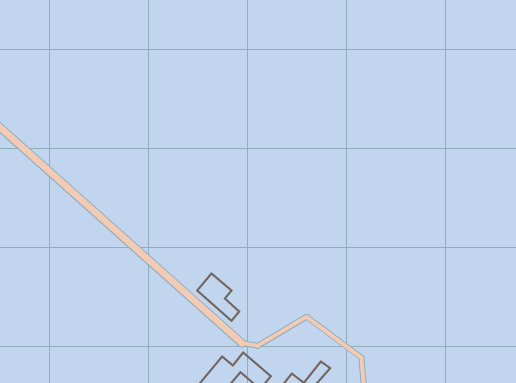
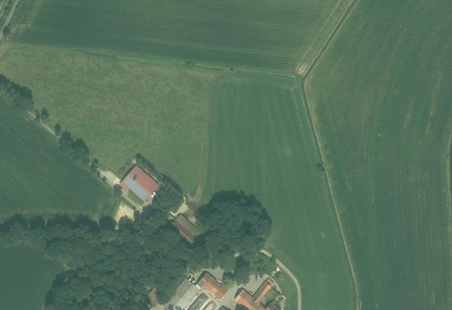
building: none -> [120,163,162,202]

